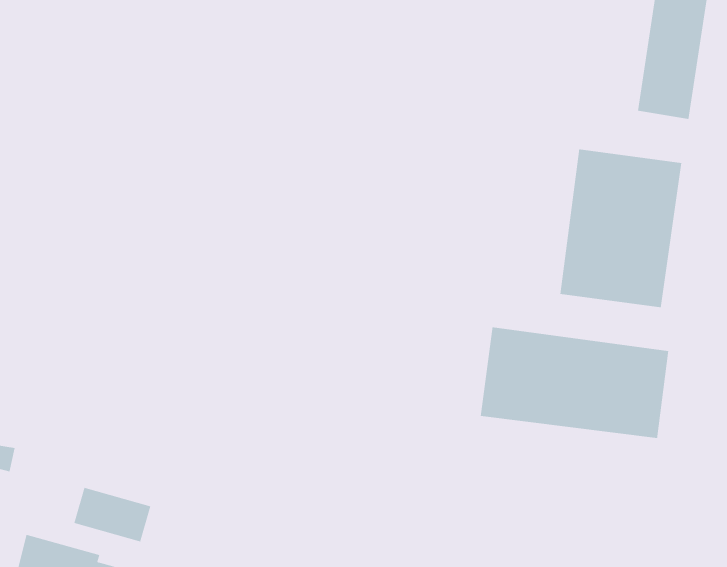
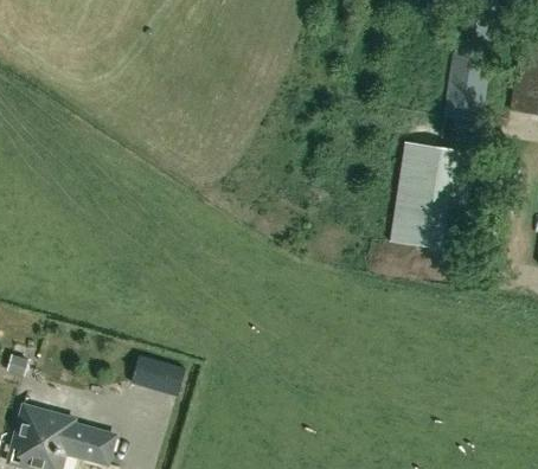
building: [480,327,669,439] -> none
building: [74,487,151,542] -> [134,355,187,393]

